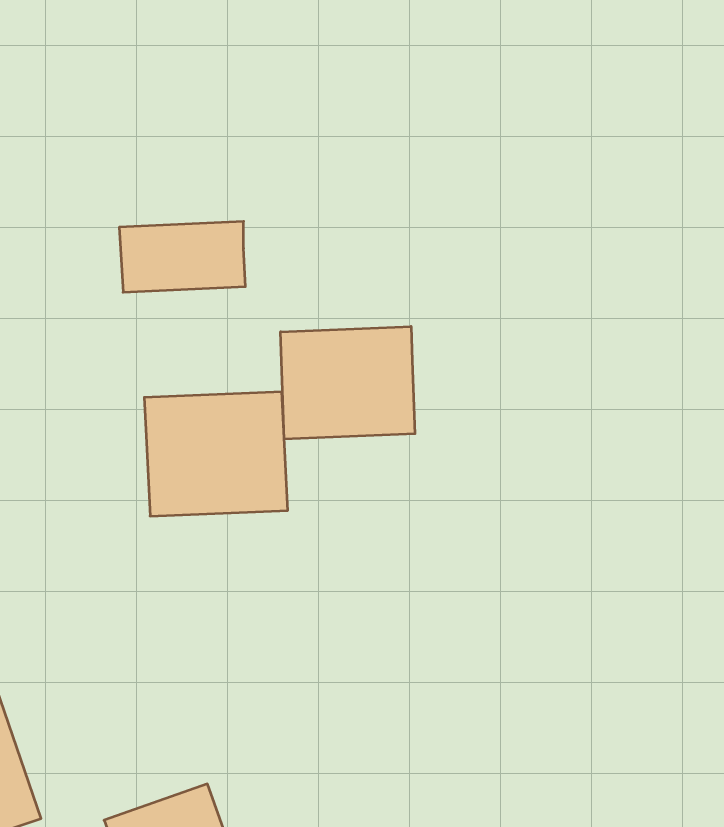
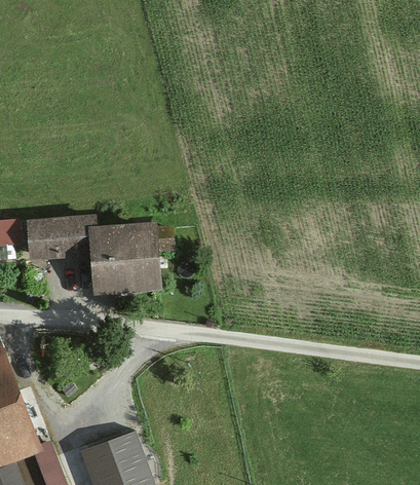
building: [119,221,245,292] -> [30,214,98,252]
building: [281,326,415,439] -> none

